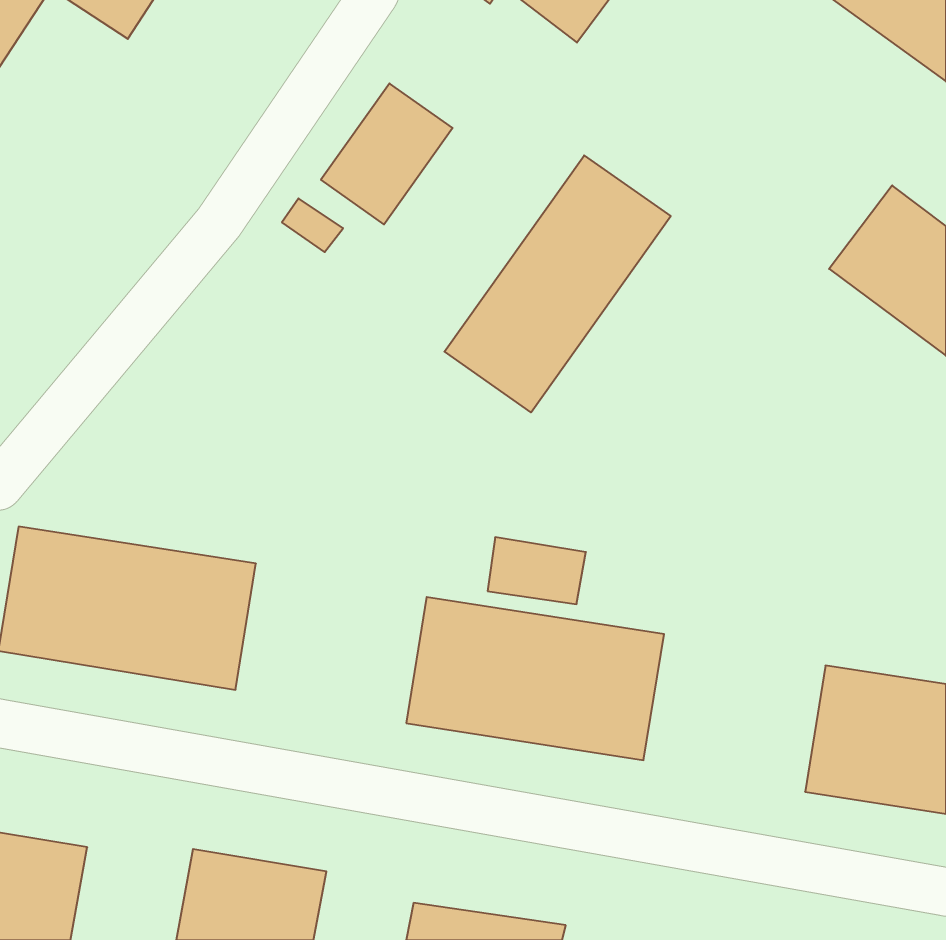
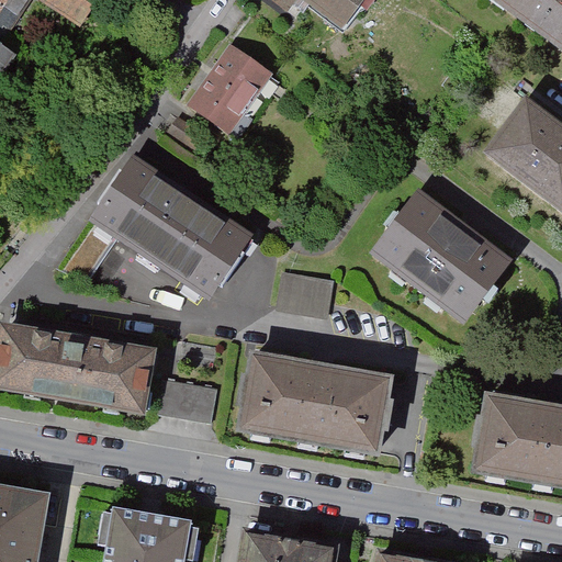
building: [444,155,671,412] -> none
building: none -> [91,160,247,301]
building: none -> [378,195,510,319]
building: [488,537,586,604] -> [279,272,337,312]
building: none -> [159,379,220,423]

